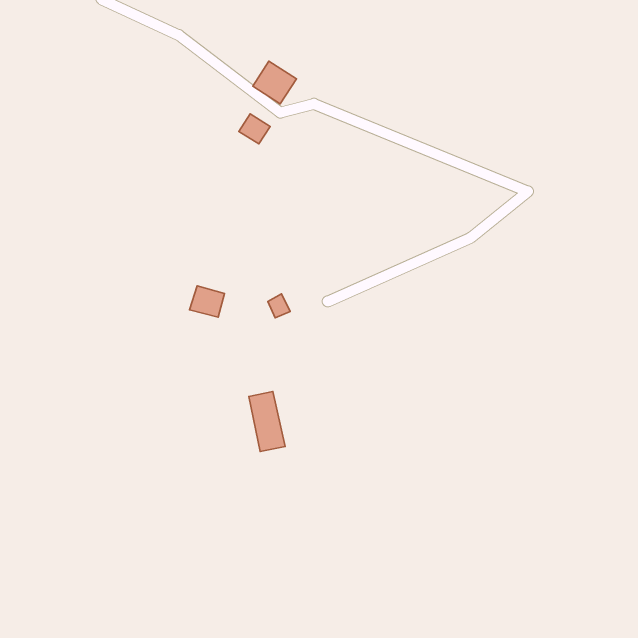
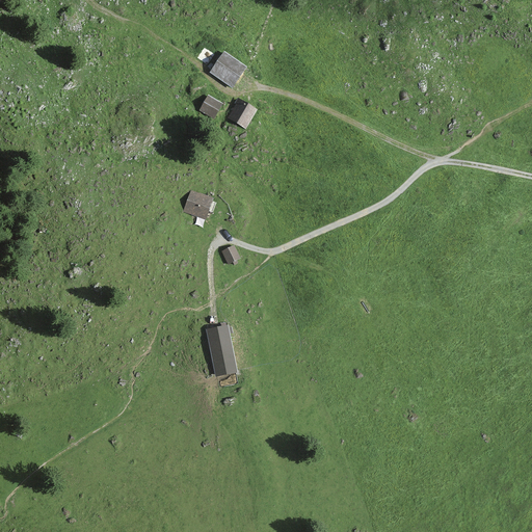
building: none -> [228,99,255,127]
building: [190,286,225,317] -> [184,191,213,217]

